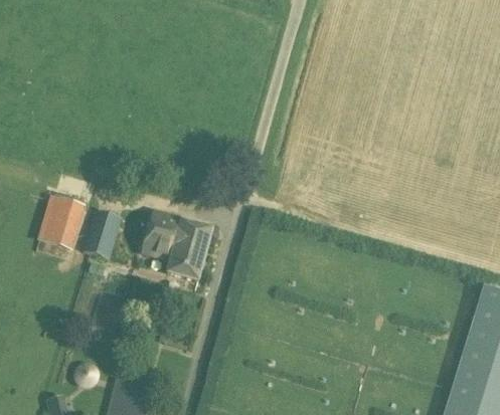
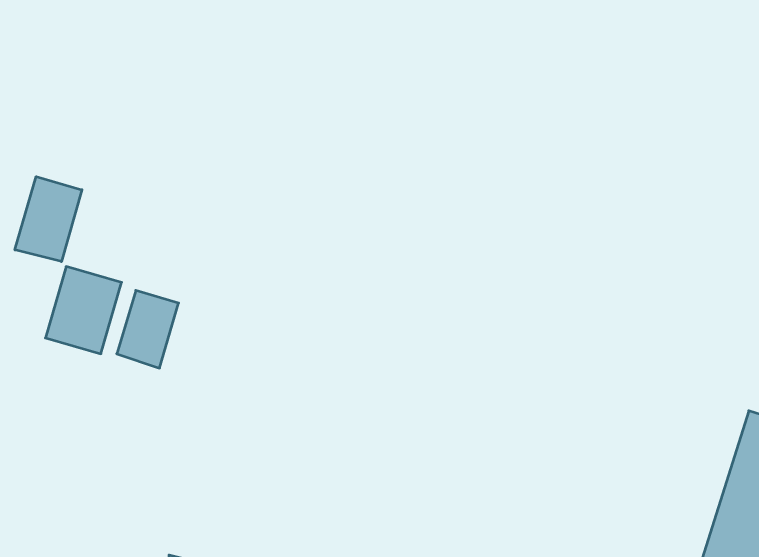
building: none -> [15,177,82,262]
building: [144,213,211,282] -> none

